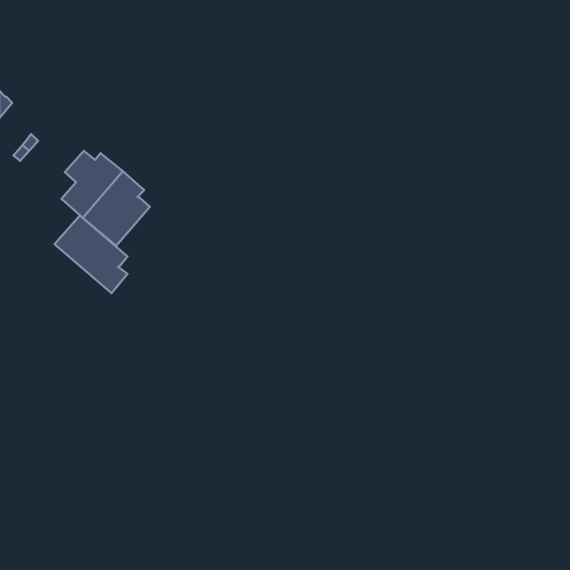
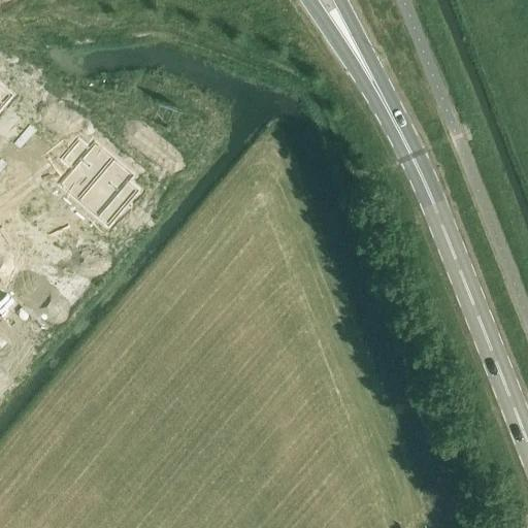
building: [54,216,128,293] -> none

